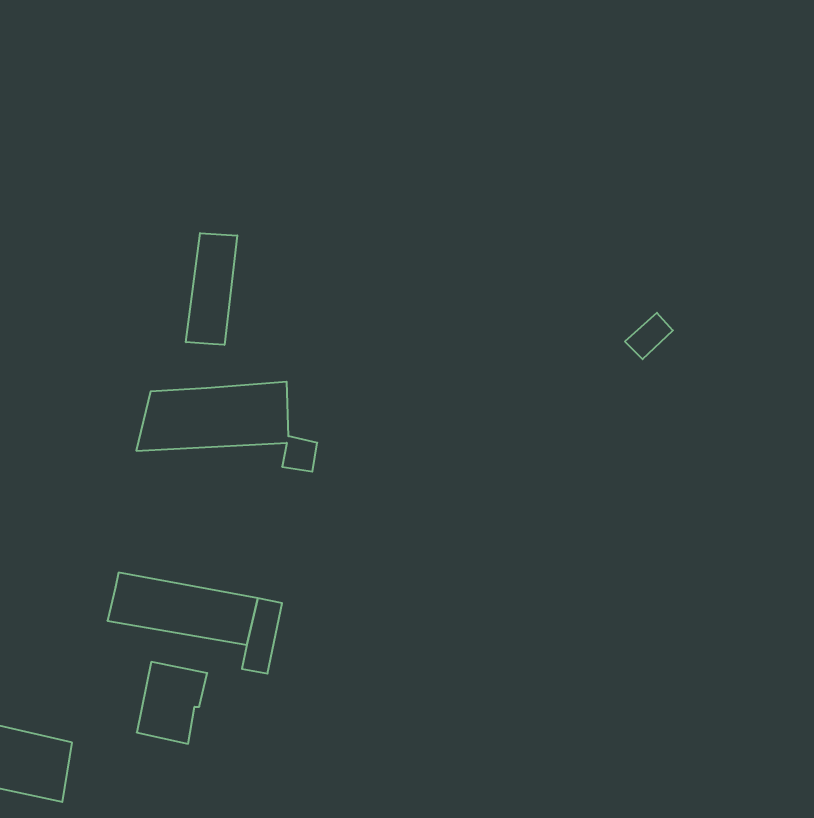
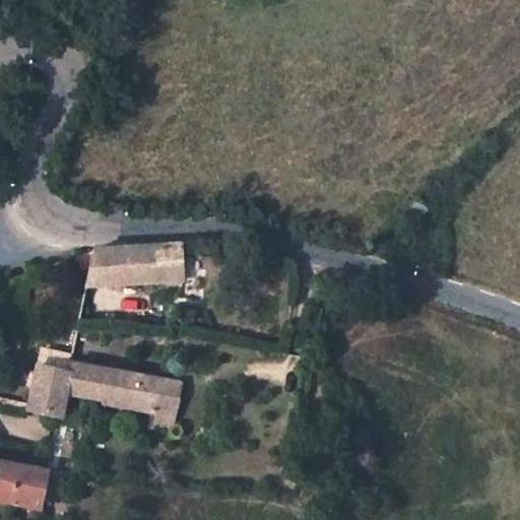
building: [186,233,237,345] -> none
building: [137,662,207,744] -> [28,365,73,416]

